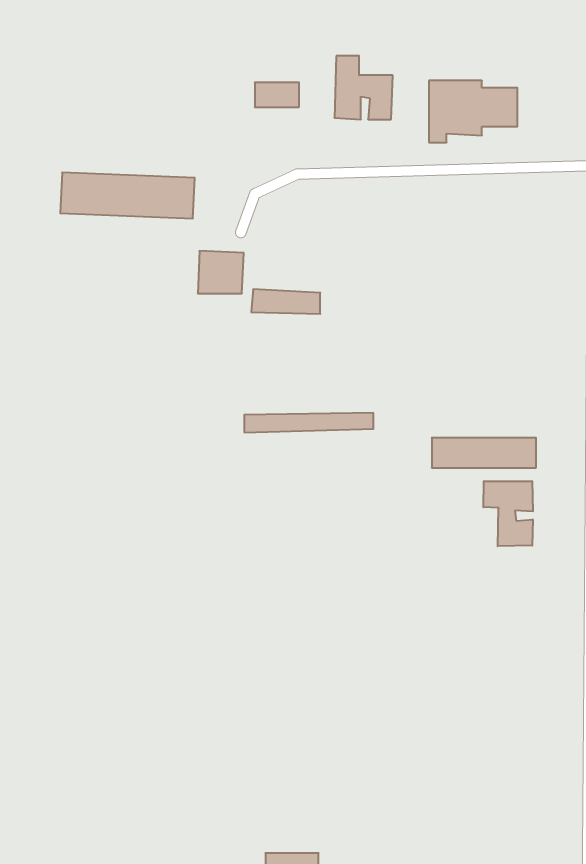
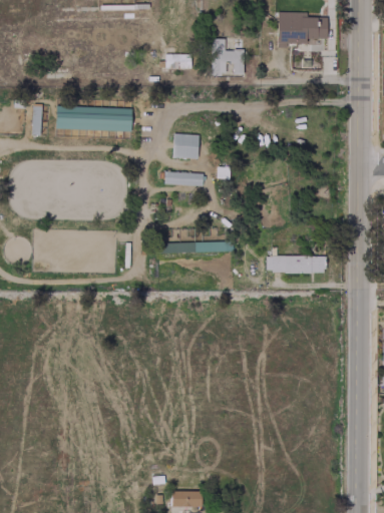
building: [429,81,517,142] -> [278,12,328,47]
building: [198,251,244,293] -> [173,133,200,157]
building: [483,481,533,546] -> none

